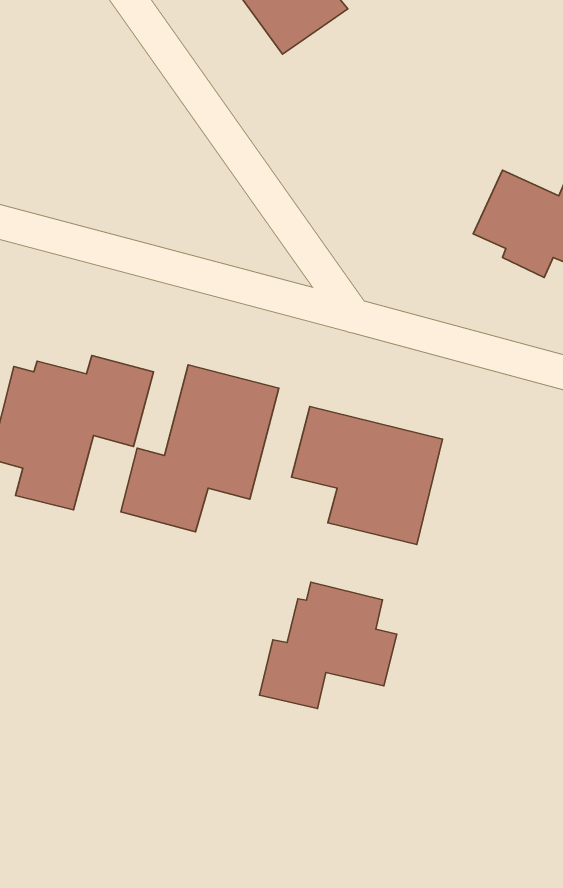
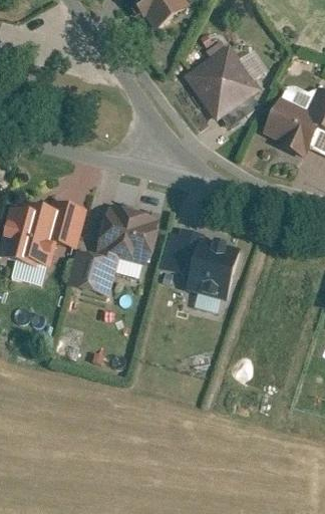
building: none -> [186,44,261,119]
building: [260,582,397,709] -> none

